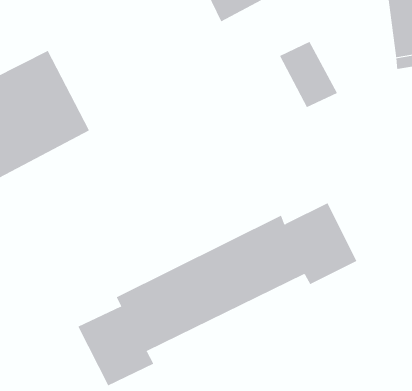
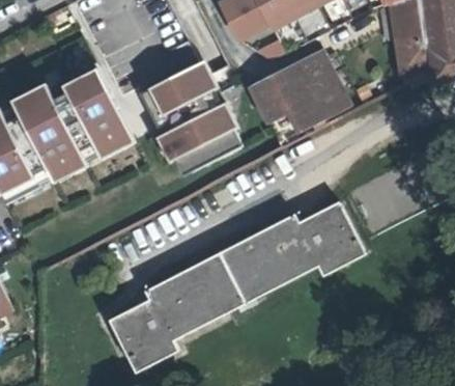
building: none -> [134,36,236,173]
building: none -> [255,67,322,137]

